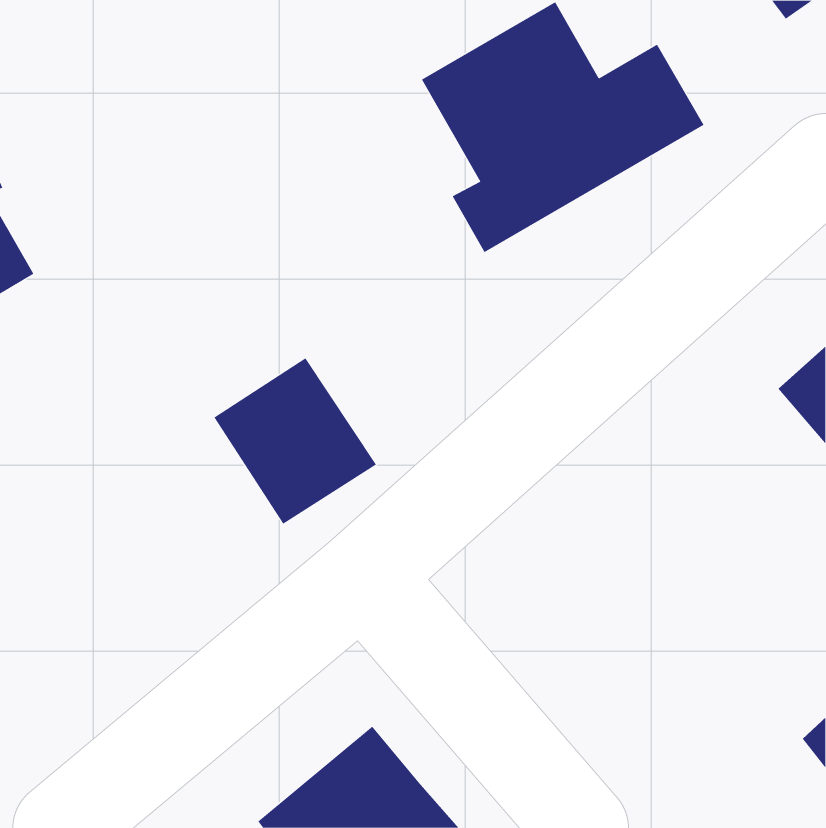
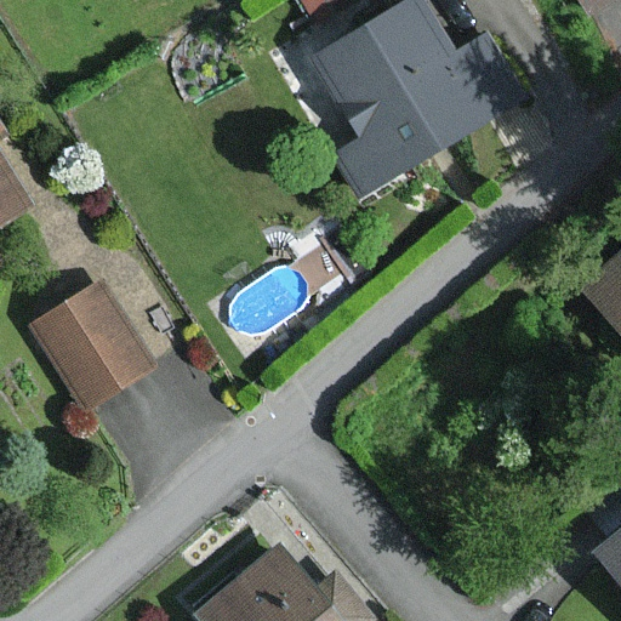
building: [213,358,377,525] -> [30,283,153,408]

